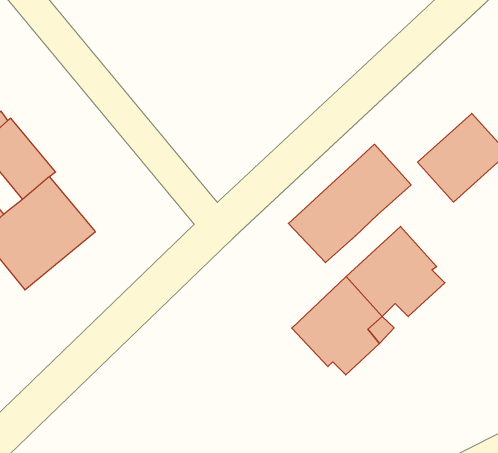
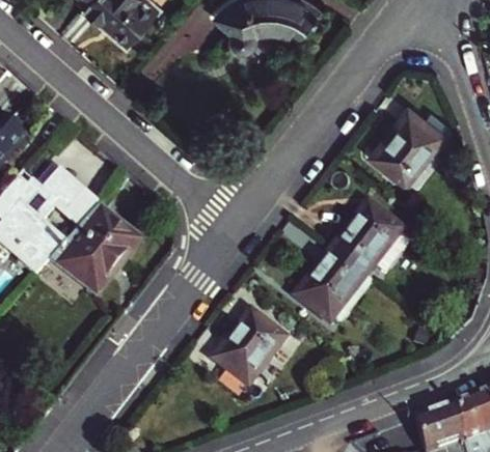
building: [288,144,411,263] -> none
building: none -> [214,311,284,385]

